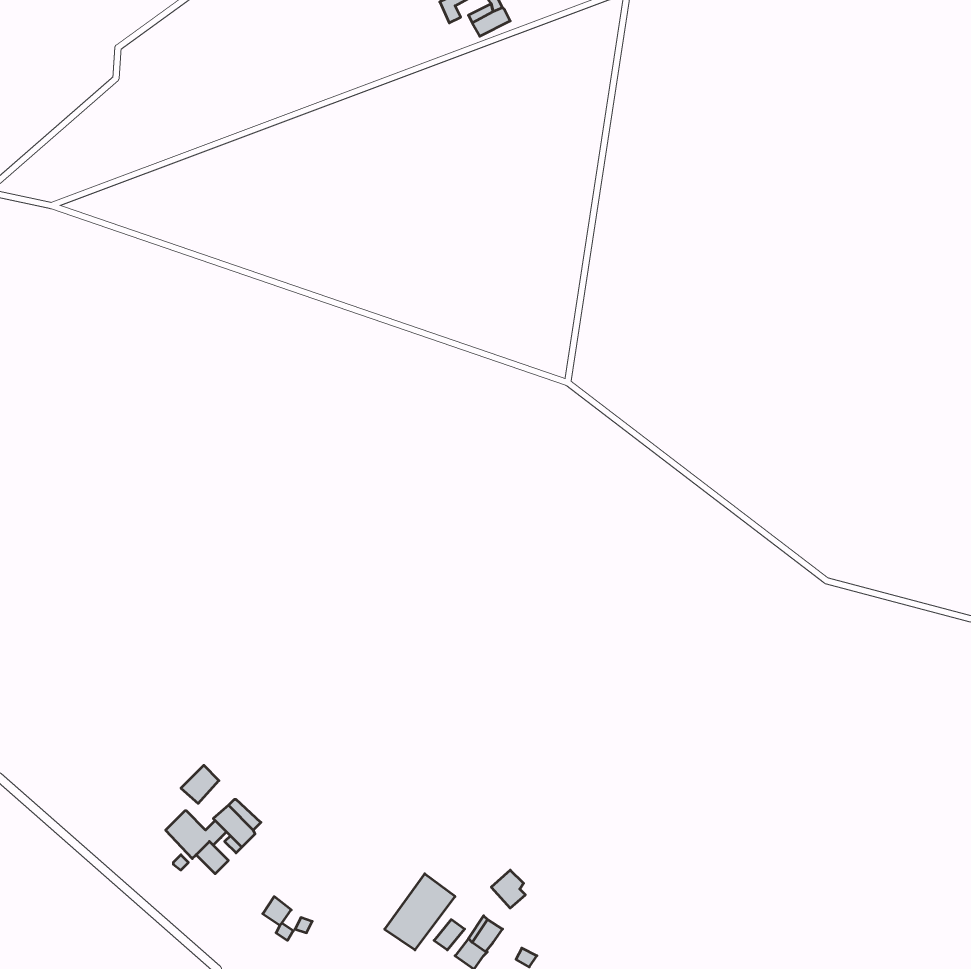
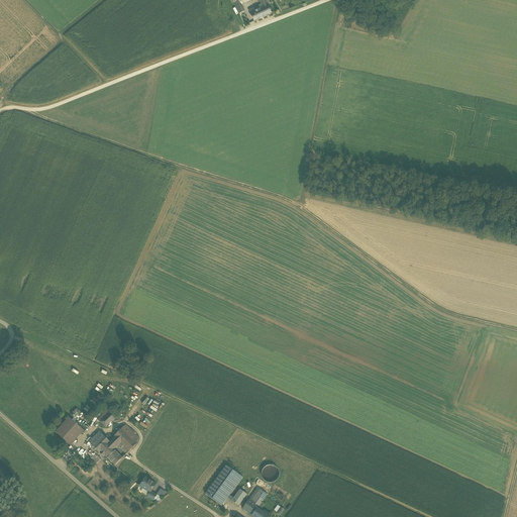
building: none -> [55,416,83,444]

